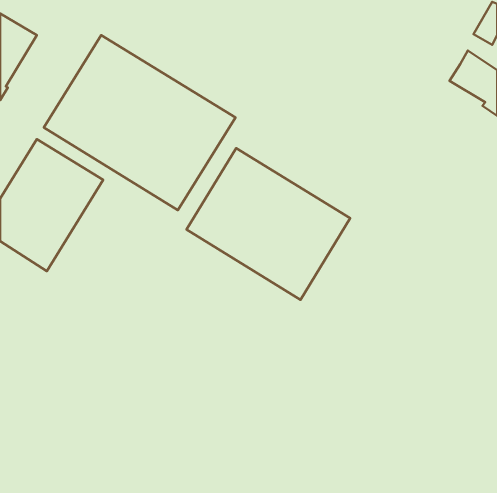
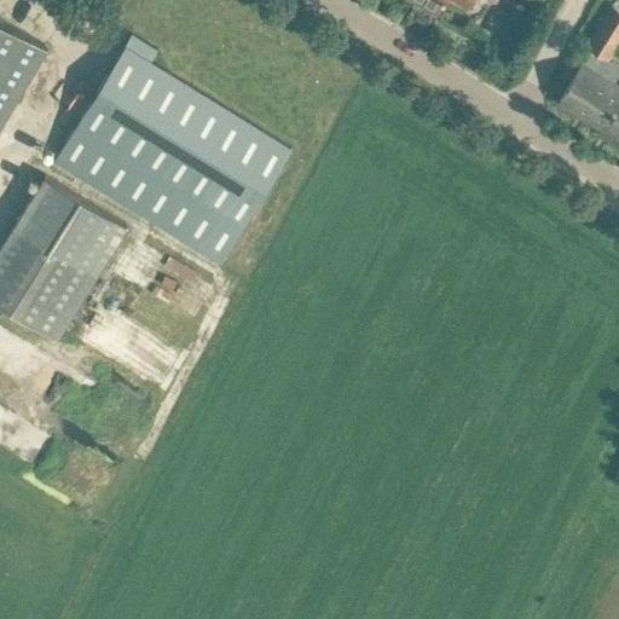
building: [187,148,350,300] -> none

